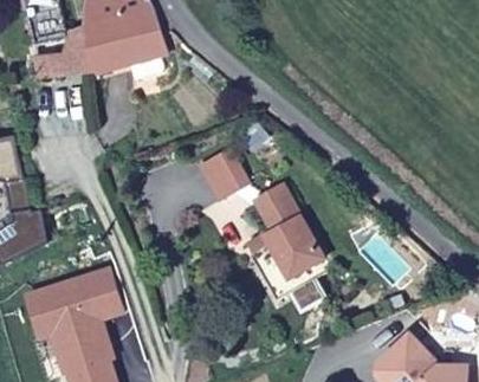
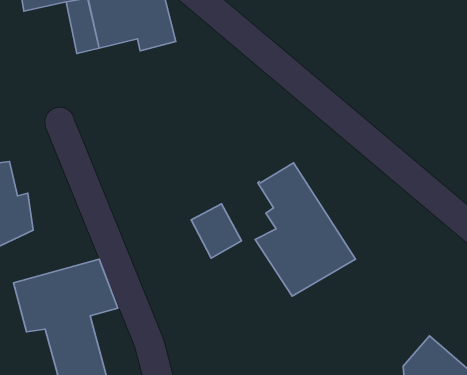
building: [38,53,83,85] -> none
building: [200,145,245,194] -> [191,204,241,258]

